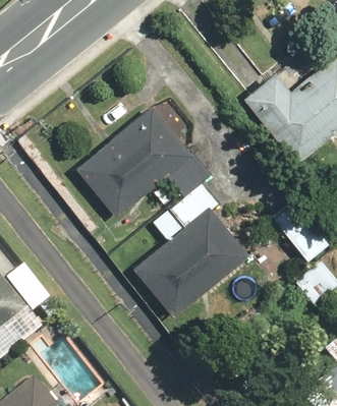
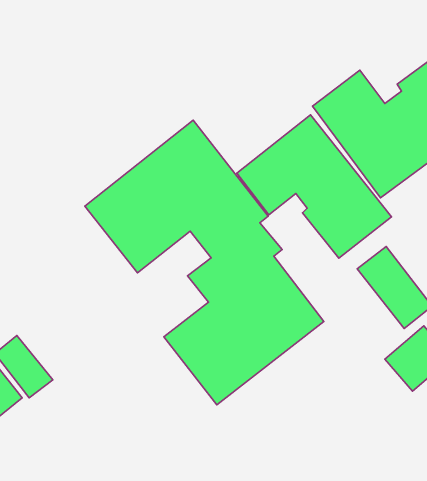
building: none -> [237,115,391,258]

